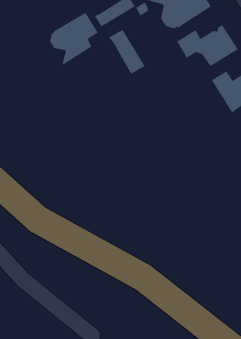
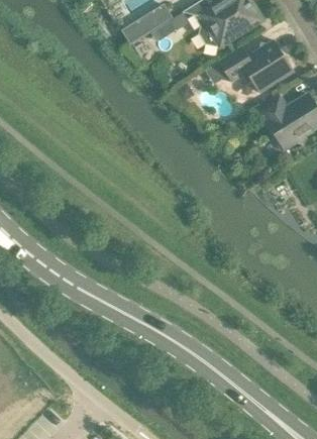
building: [49,12,99,66] -> none
building: [108,29,146,75] -> none

